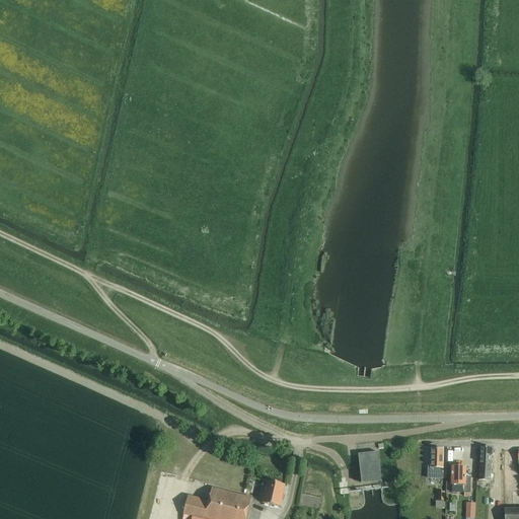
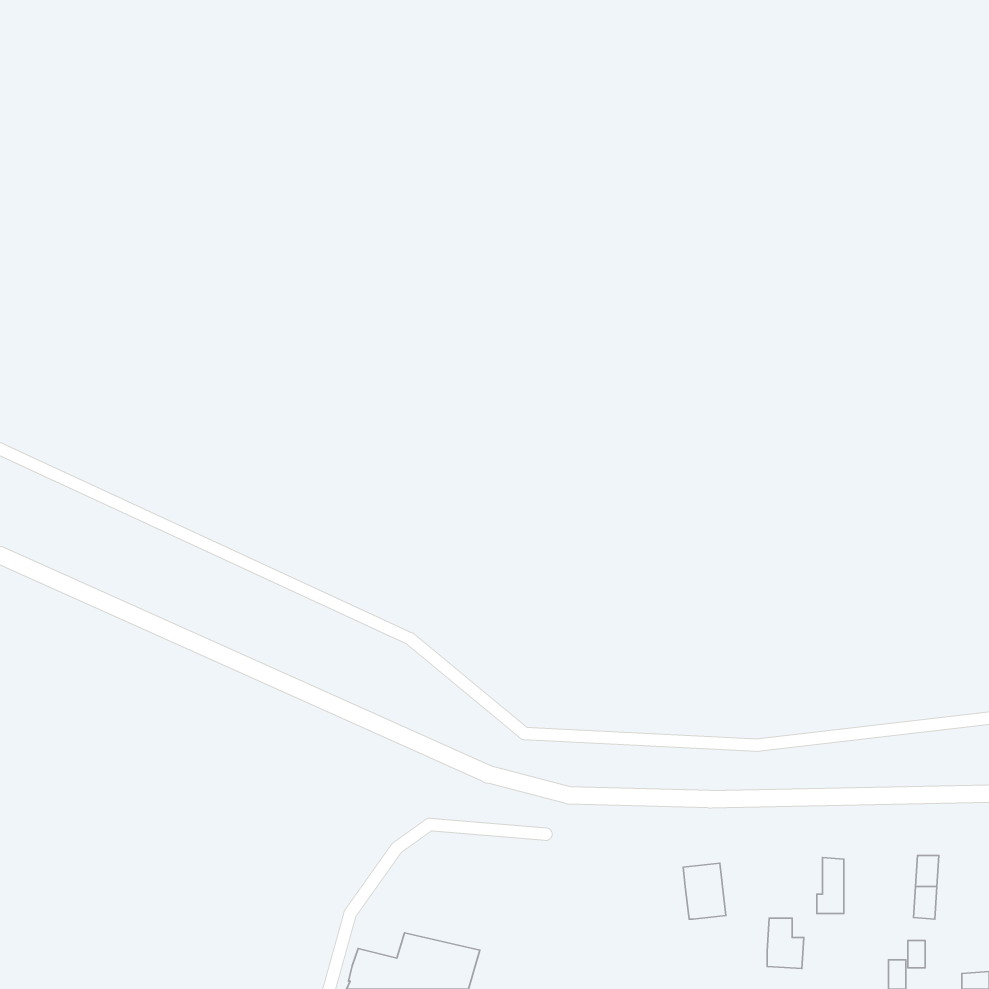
building: [451,467,470,494] -> [767,918,804,968]
building: [263,481,285,508] -> none

